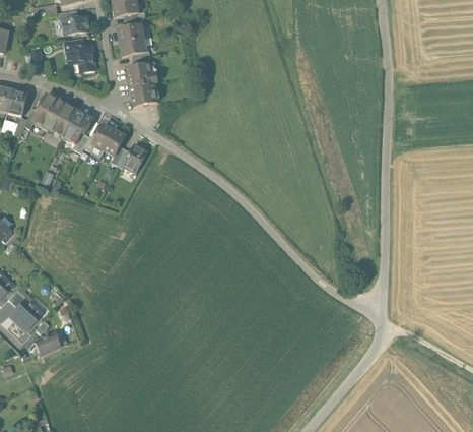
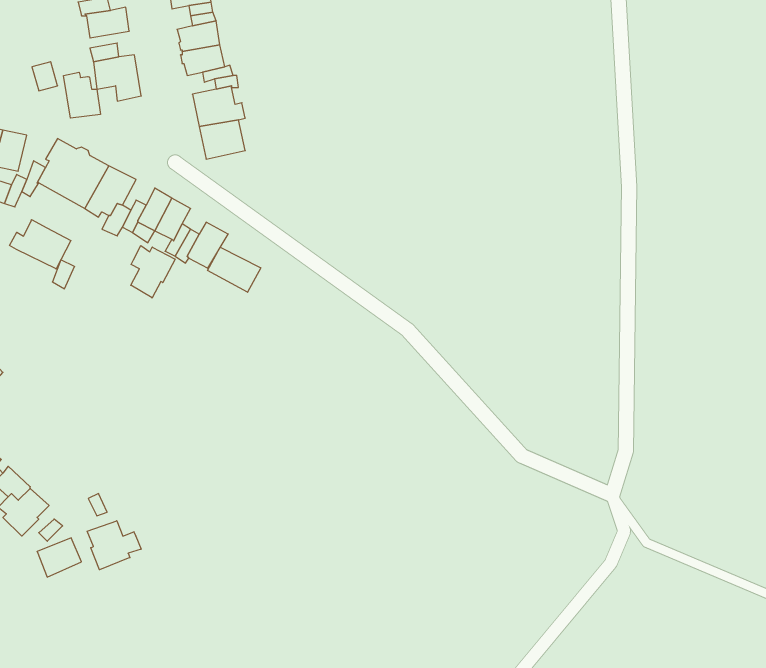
building: none -> [64,72,100,118]
building: none -> [10,220,71,269]
building: none -> [131,246,175,298]
building: none -> [208,247,261,292]
building: none -> [87,521,141,570]

